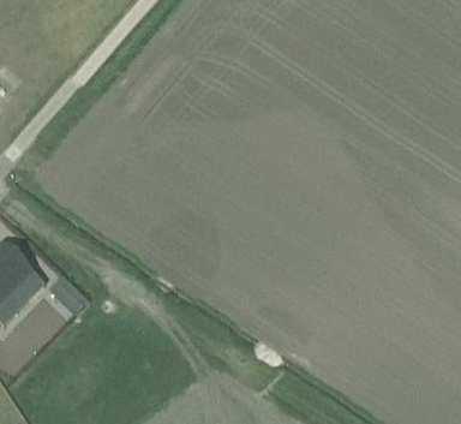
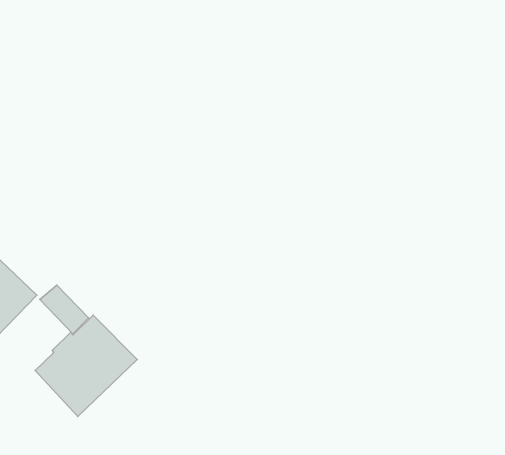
building: none -> [35,315,137,417]

